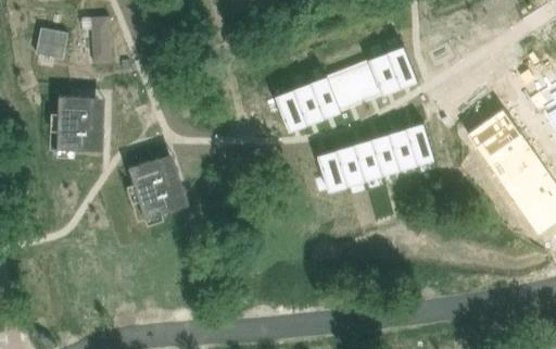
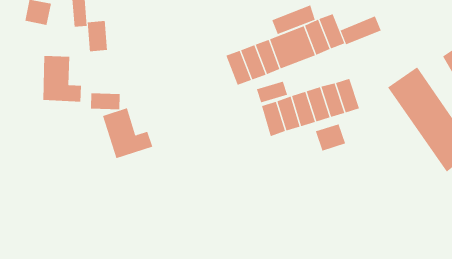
building: none -> [272,4,316,35]
building: none -> [340,15,382,45]
building: none -> [87,20,107,52]
building: none -> [256,81,288,103]
building: none -> [91,93,120,110]
building: none -> [315,123,346,151]

